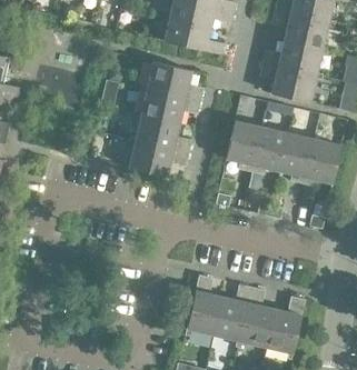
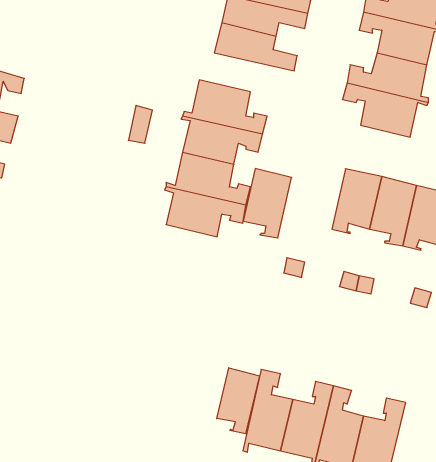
building: [226,120,261,171] -> [243,169,292,238]
building: none -> [217,368,260,434]

